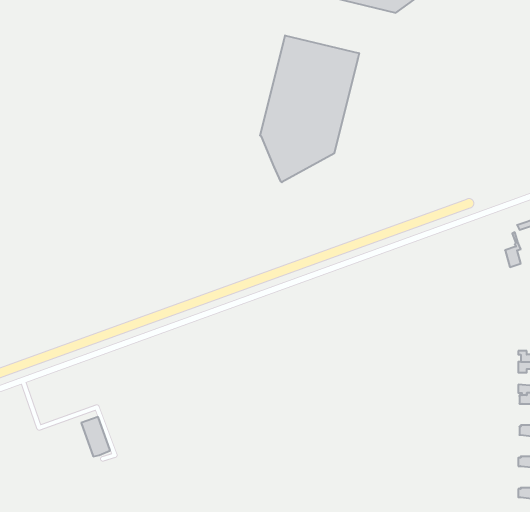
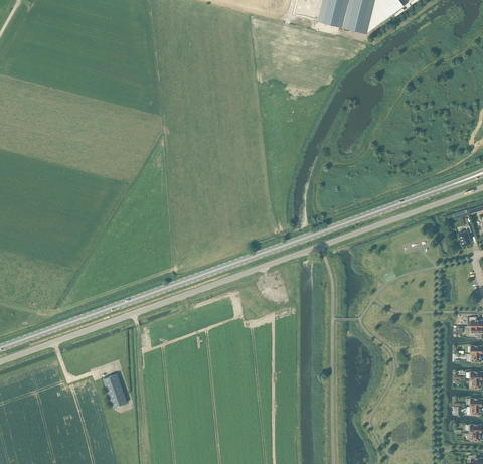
building: [260,35,359,182] -> none

